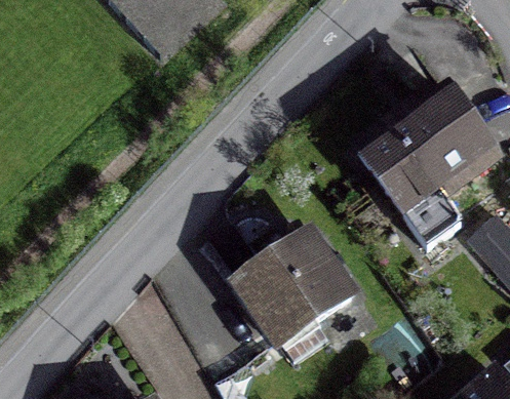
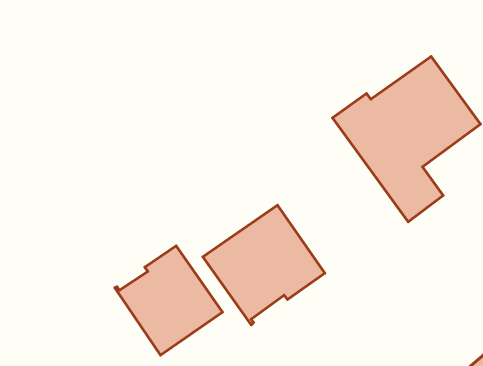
building: none -> [115,246,222,355]

